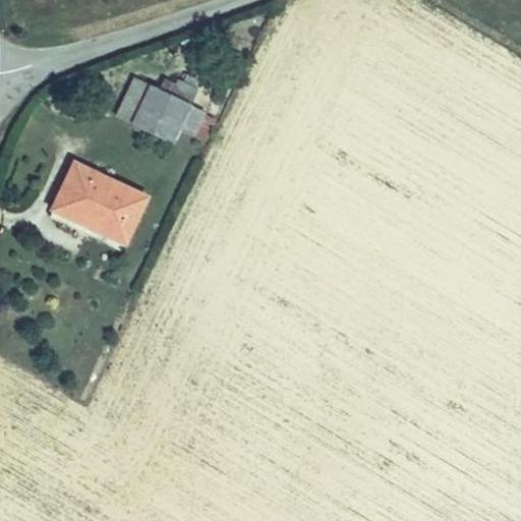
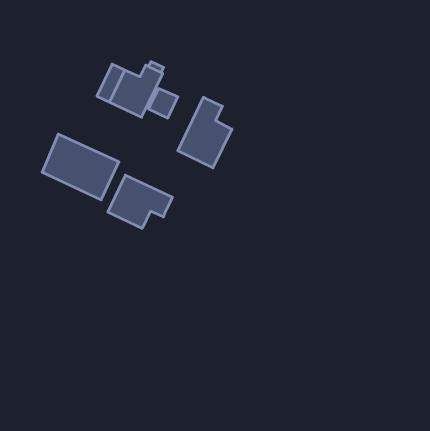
building: none -> [178,97,232,168]
building: none -> [108,175,172,228]

